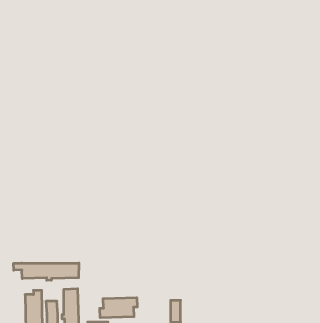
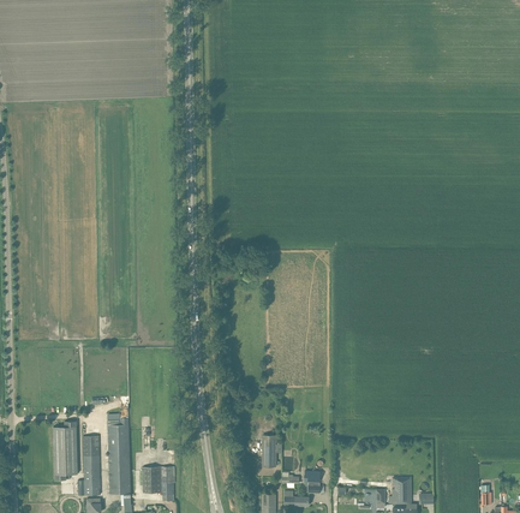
building: [14,263,79,280] -> none
building: [100,298,137,318] -> none

